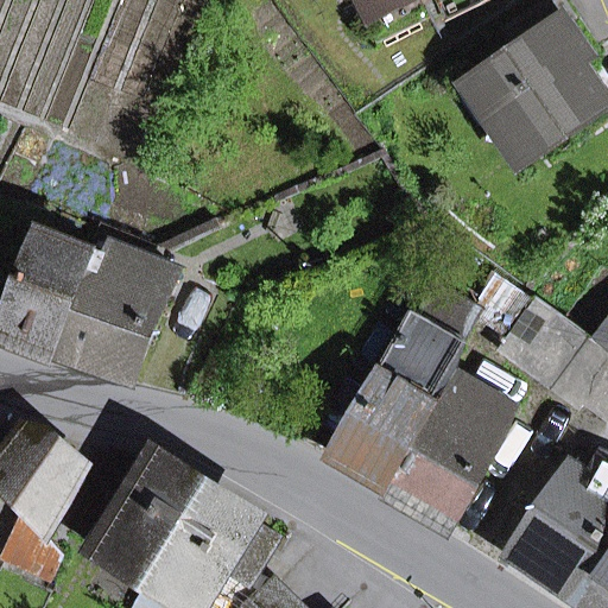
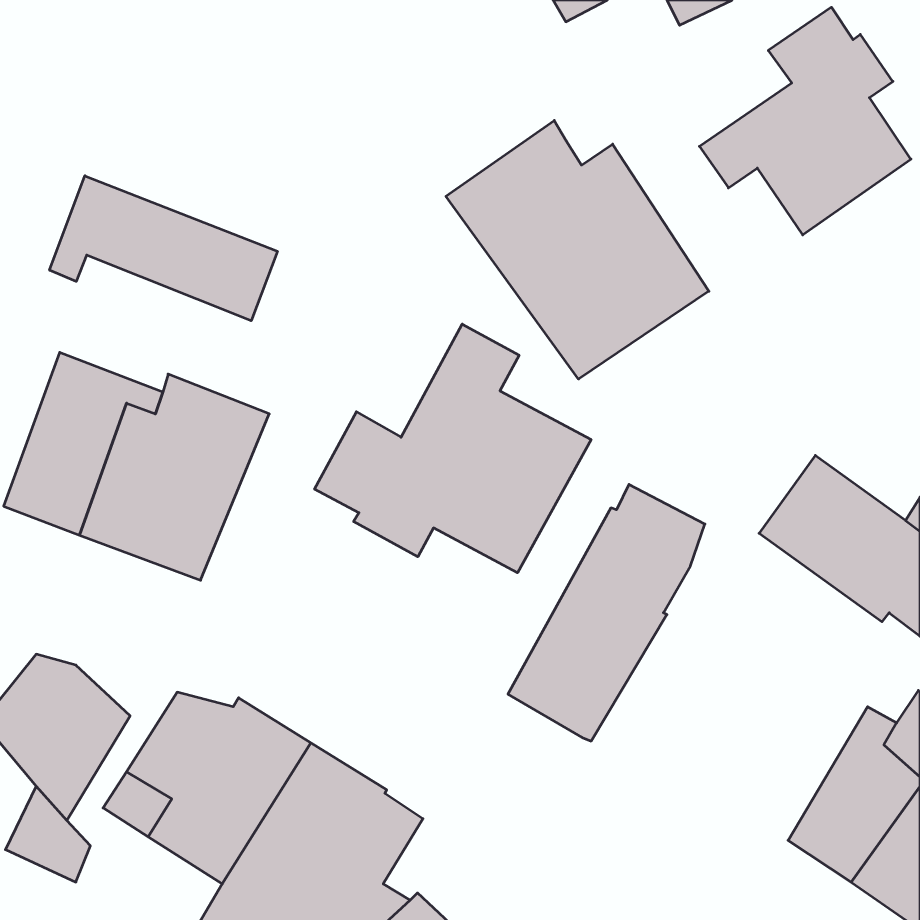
building: none -> [446,120,709,379]
building: none -> [50,176,277,321]
building: none -> [315,324,591,573]
building: [388,374,513,525] -> none

